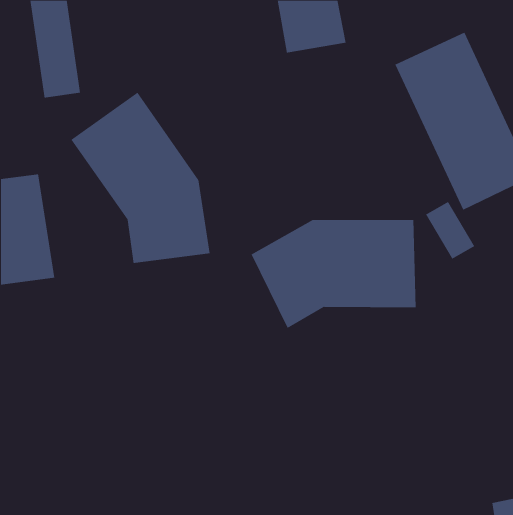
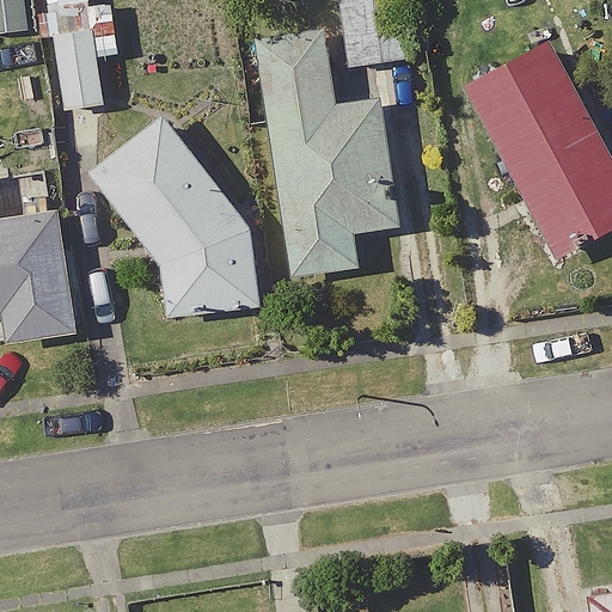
building: none -> [255,29,397,277]
building: [251,219,416,329] -> none

